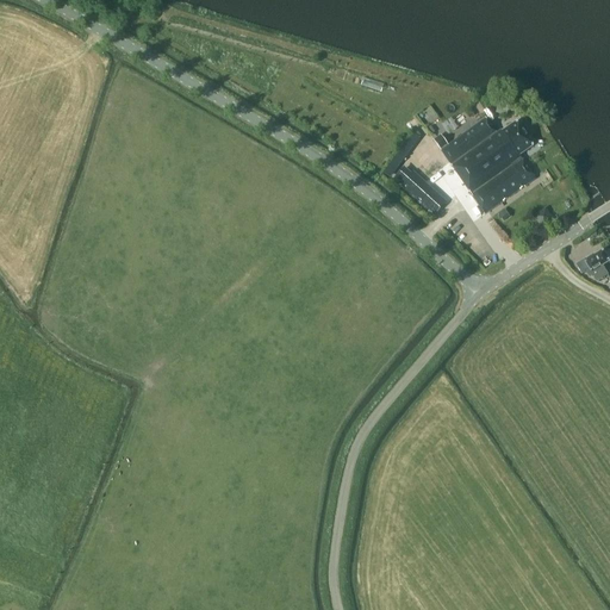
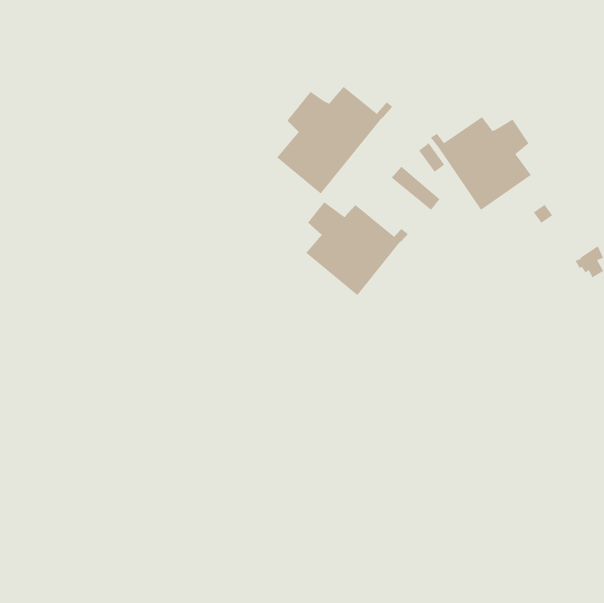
building: none -> [276,86,393,194]
building: none -> [305,201,409,296]

